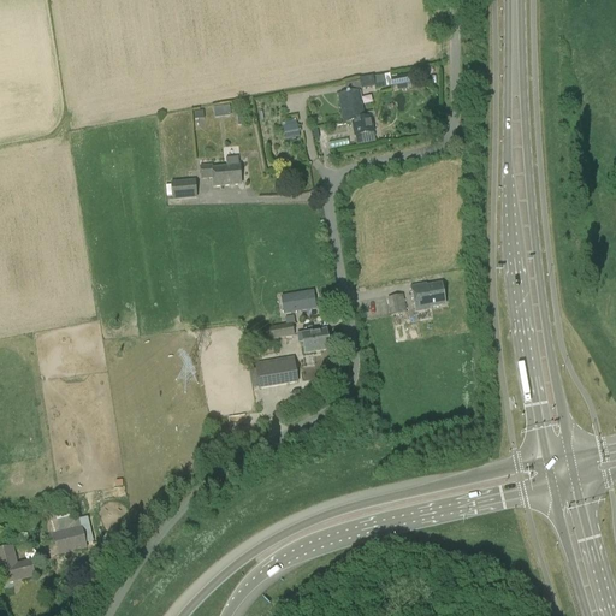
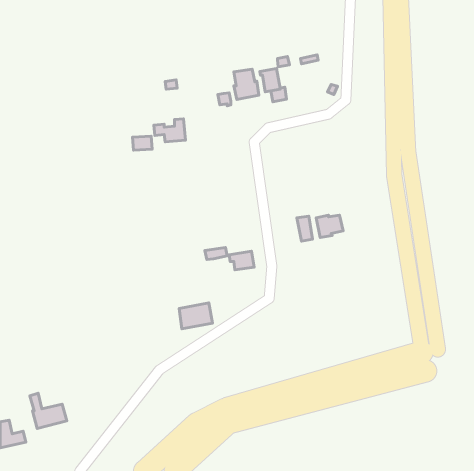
building: none -> [234,69,259,99]
building: [282,289,315,312] -> none
building: [255,354,298,387] -> [179,303,213,329]

